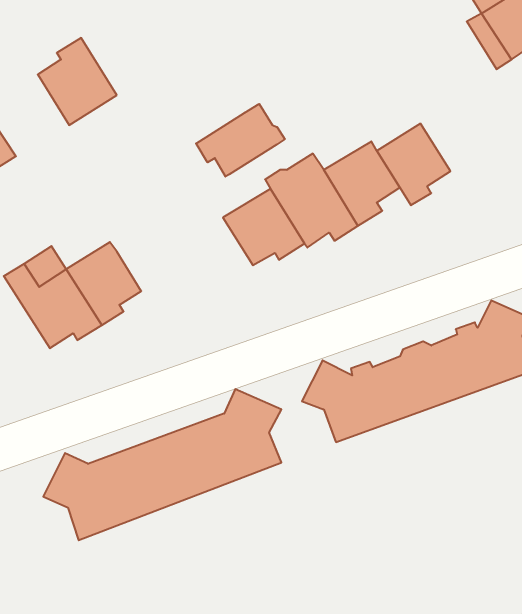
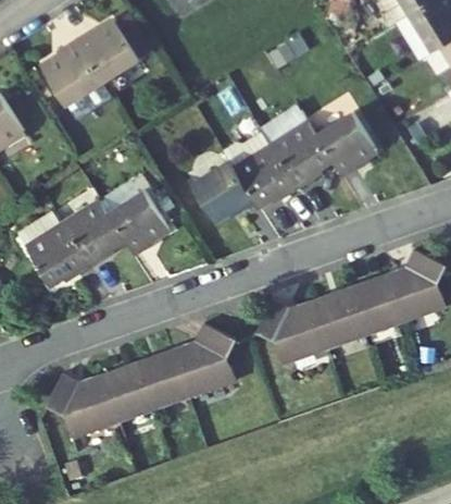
building: none -> [78,22,143,85]
building: [196,104,285,177] -> none
building: none -> [107,187,168,255]

